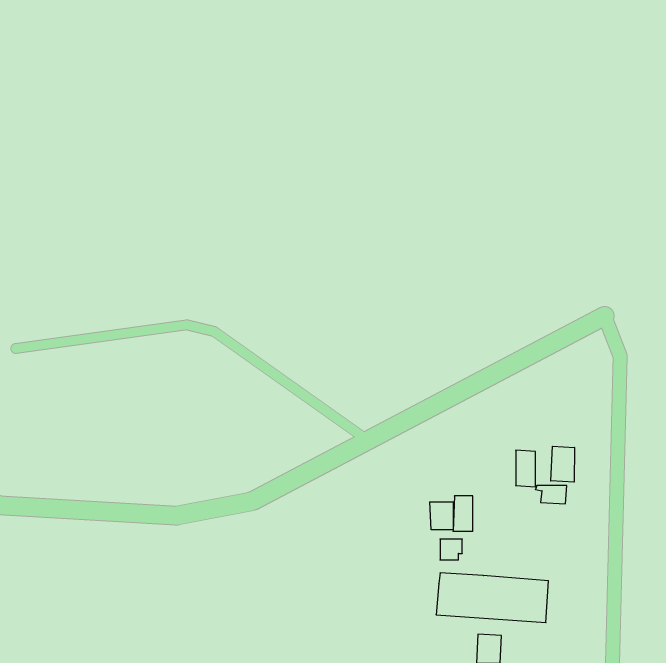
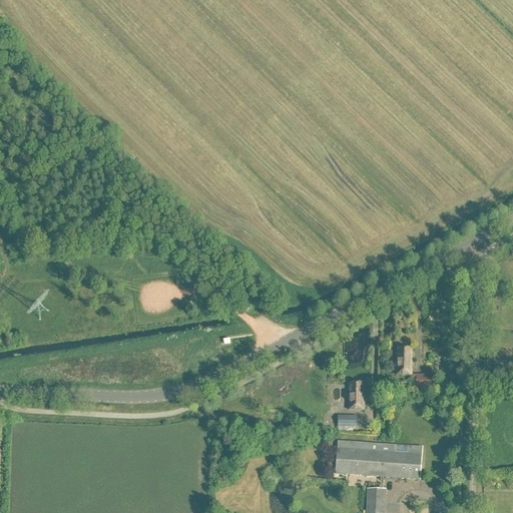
building: [551,446,574,482] -> none
building: [430,502,453,530] -> none

